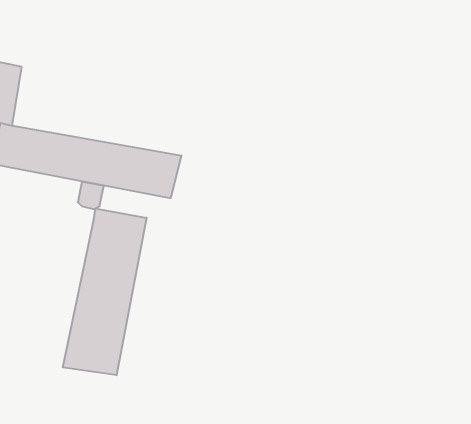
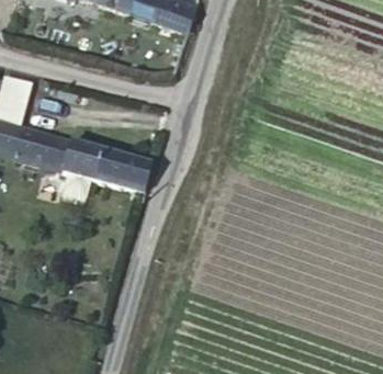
building: [63,208,147,375] -> none

